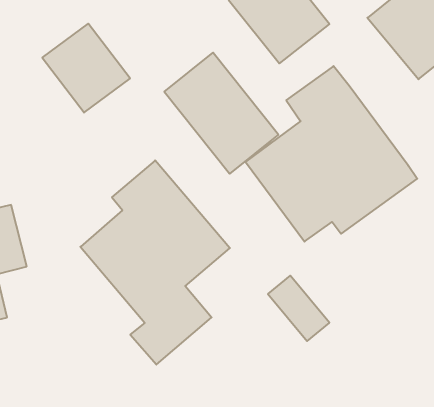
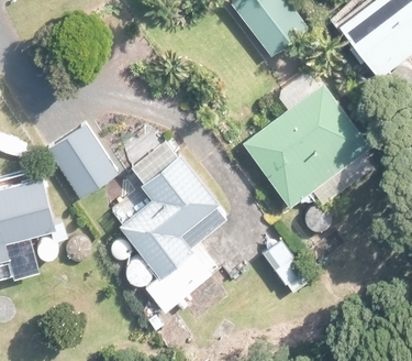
building: [42,24,130,113] -> [45,125,119,200]
building: [164,53,278,174] -> none

